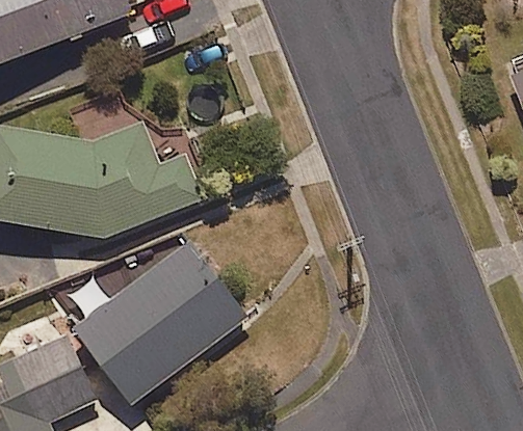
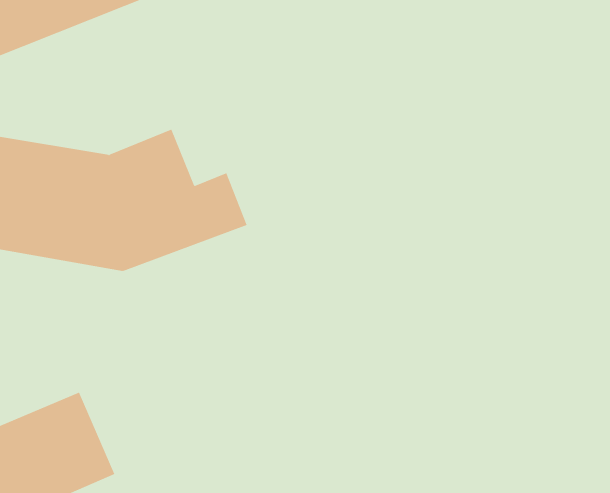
building: [73,241,249,407] -> none

